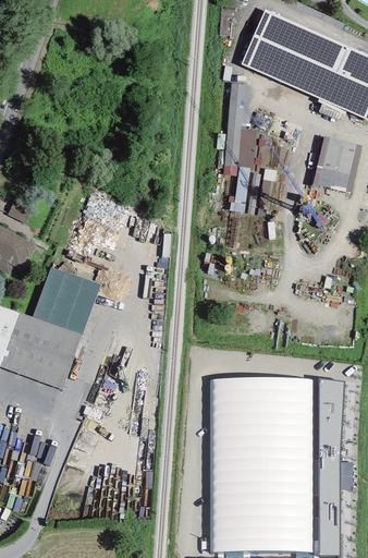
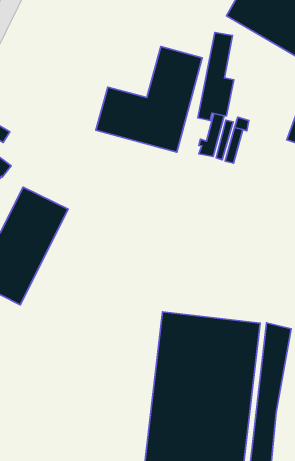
building: none -> [96,47,202,152]

